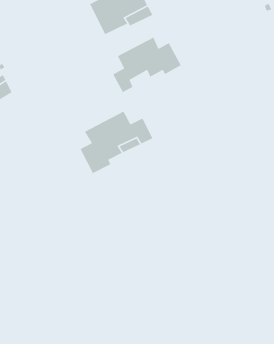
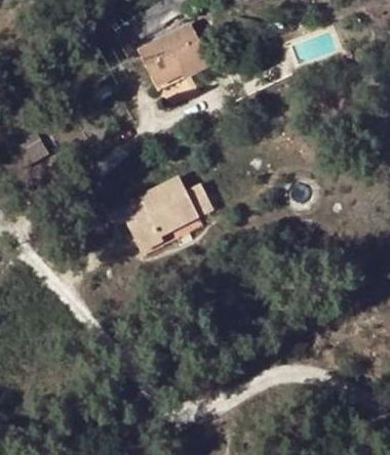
building: [112,36,182,93] -> none

